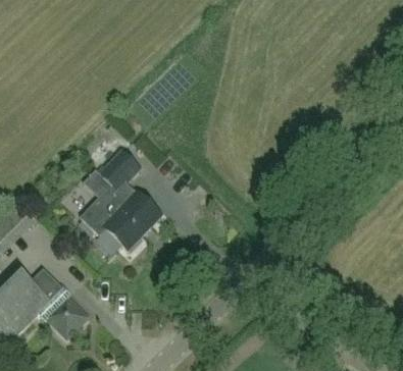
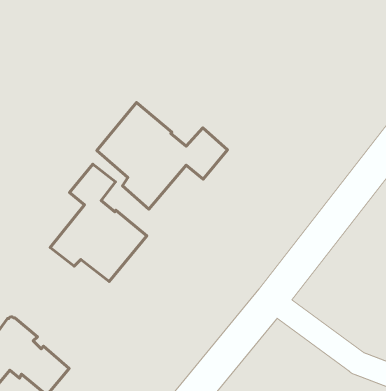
building: none -> [97,103,228,209]

